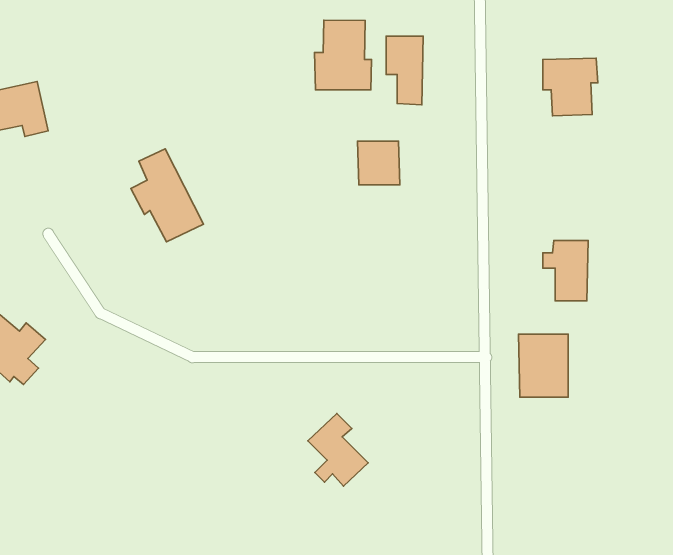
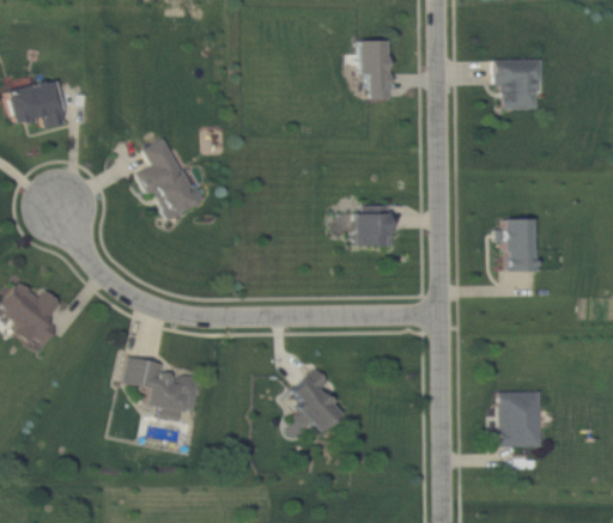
building: [315,20,372,90] -> none
building: [357,141,400,185] -> [354,207,392,245]
building: [519,334,568,397] -> [499,391,542,446]
building: none -> [123,357,199,421]

